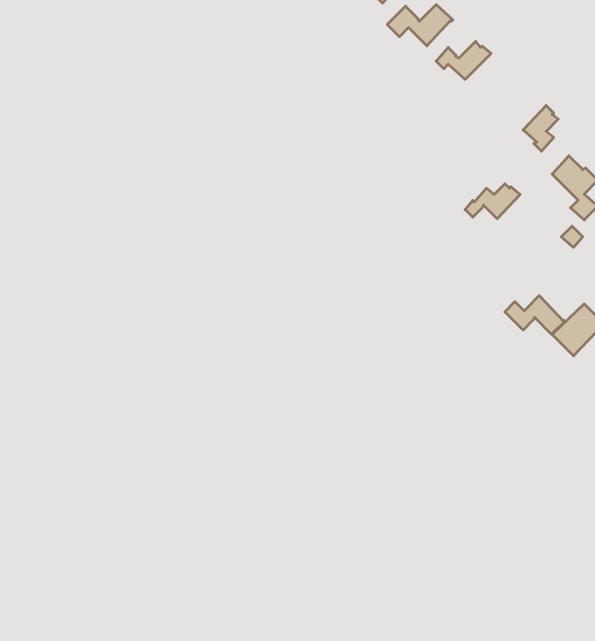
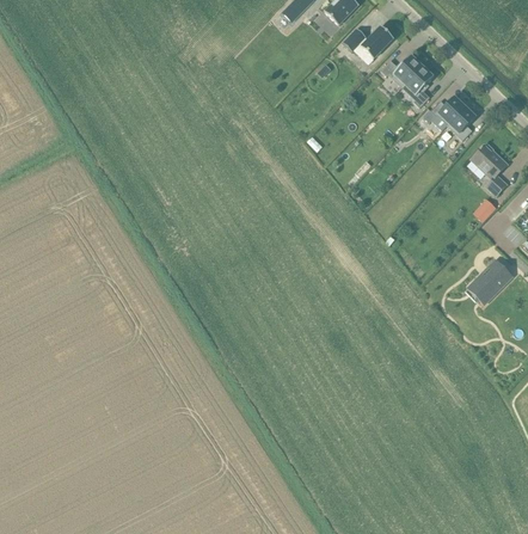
building: none -> [404,65,435,108]
building: [465,184,520,219] -> [424,97,467,124]
building: [505,296,565,334] -> none

